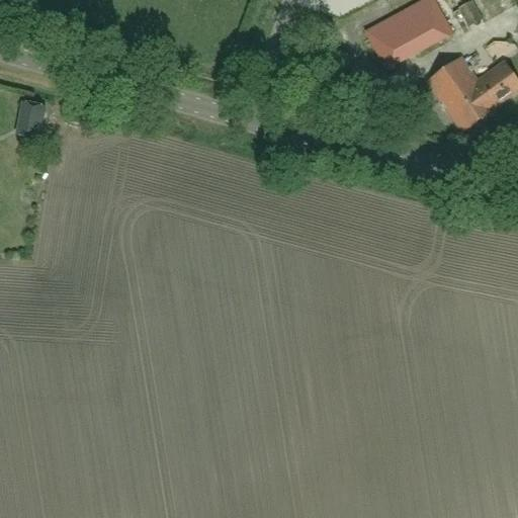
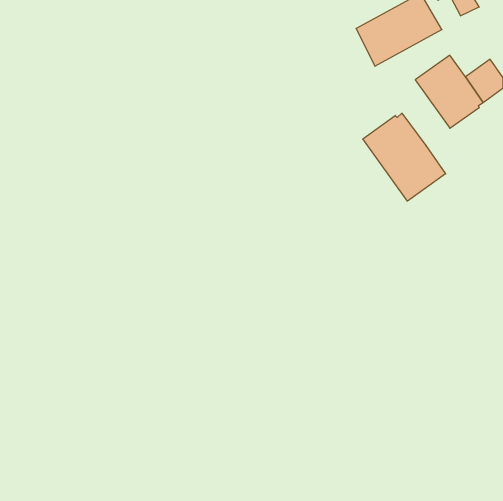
building: [17,101,46,138] -> none
building: none -> [363,113,446,201]

